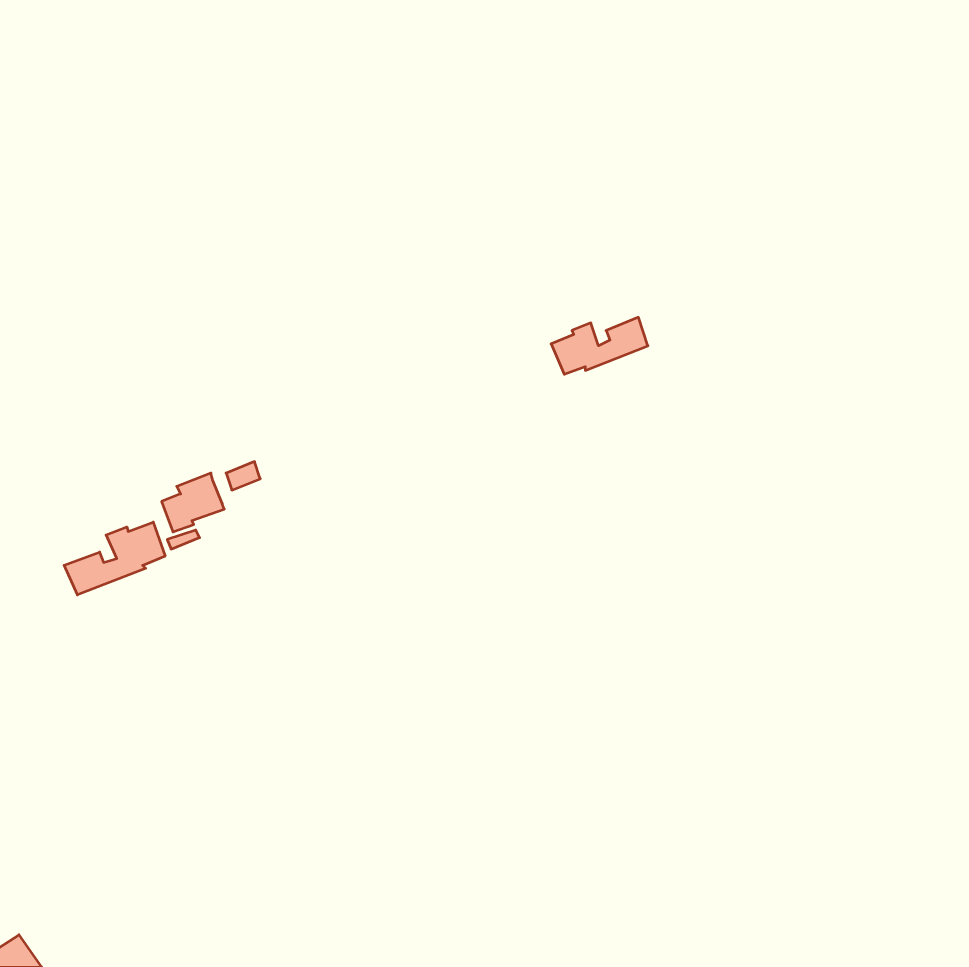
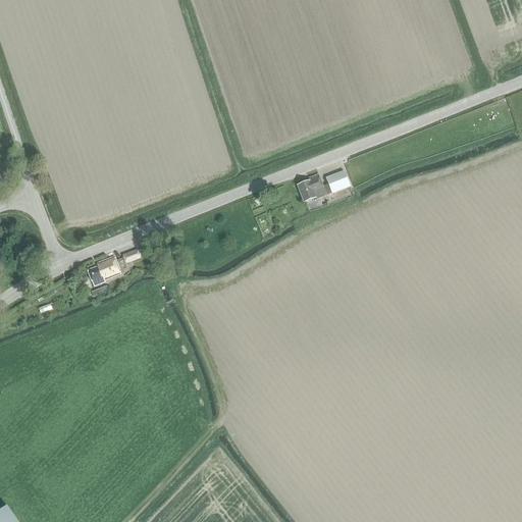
building: [64,522,165,595] -> none

